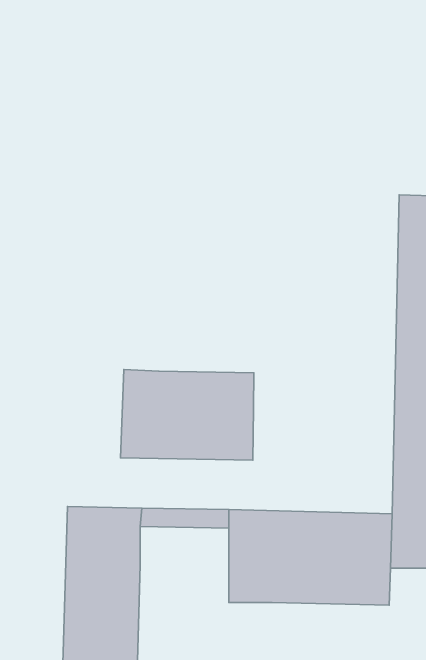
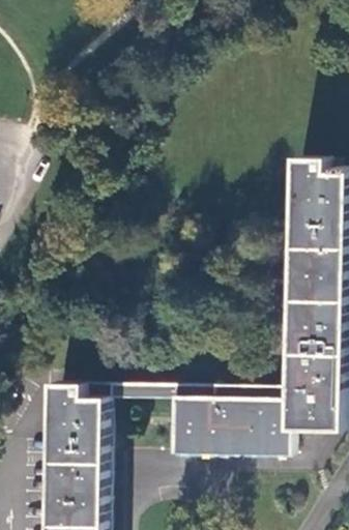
building: [121,370,254,460] -> none

